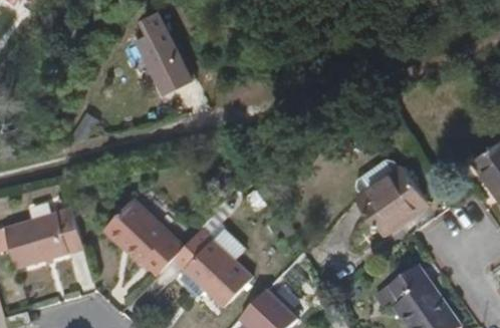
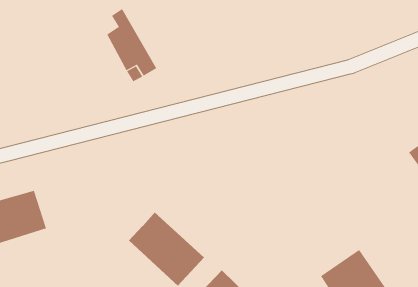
building: [355,168,428,238] -> none
building: [102,194,185,272] -> none

